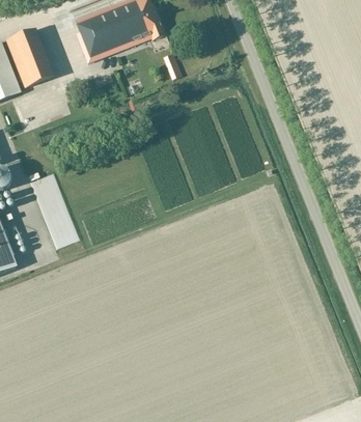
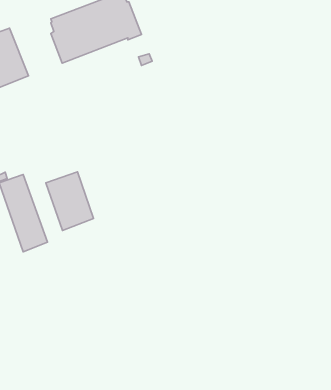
building: none -> [46,172,93,230]

